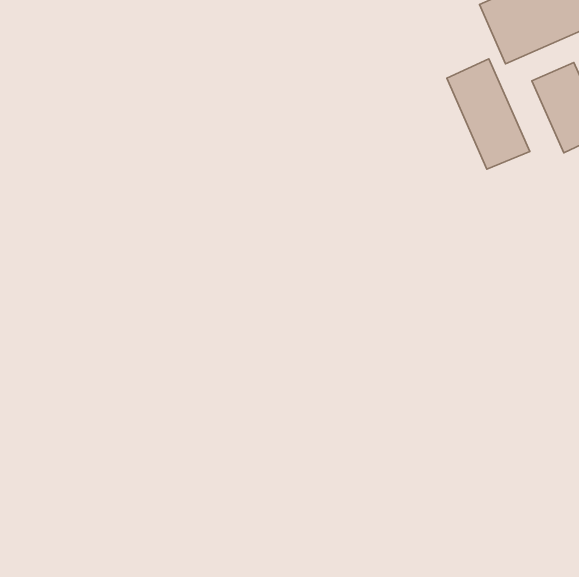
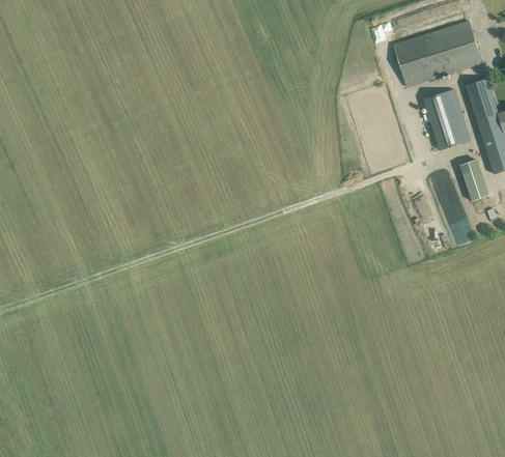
building: [447,59,530,169] -> none

